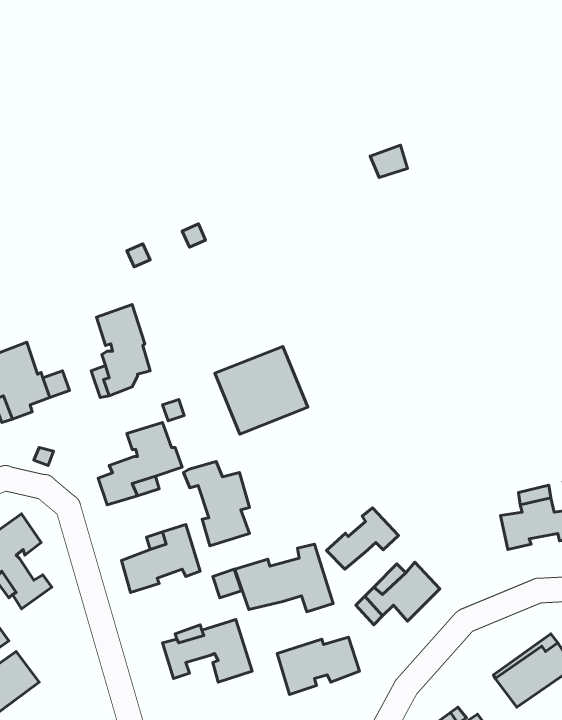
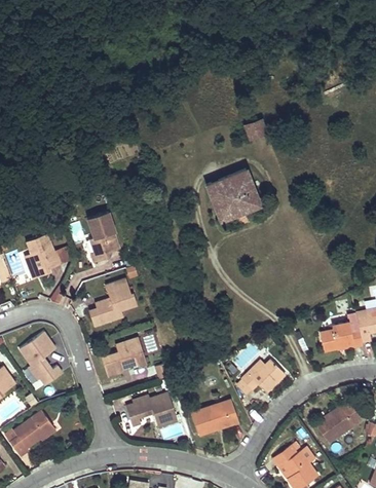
building: [215,346,308,434] -> [206,171,260,221]
building: [183,461,249,546] -> none
building: [326,508,398,569] -> none
building: [235,544,333,612] -> none

